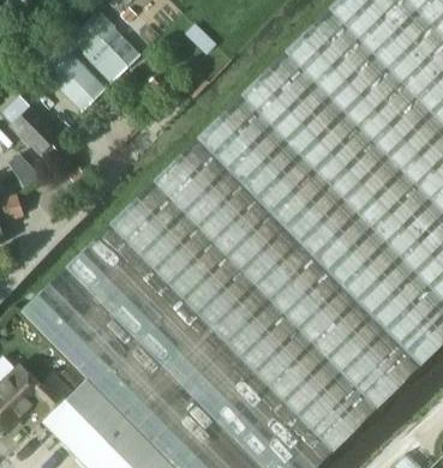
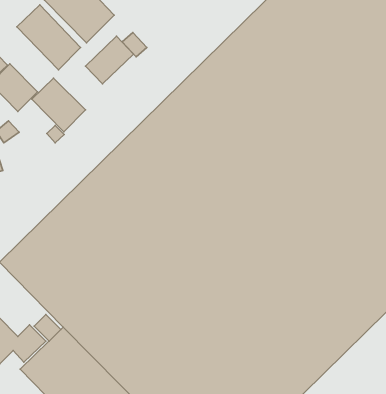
building: none -> [86,36,134,84]
building: none -> [32,78,86,132]

